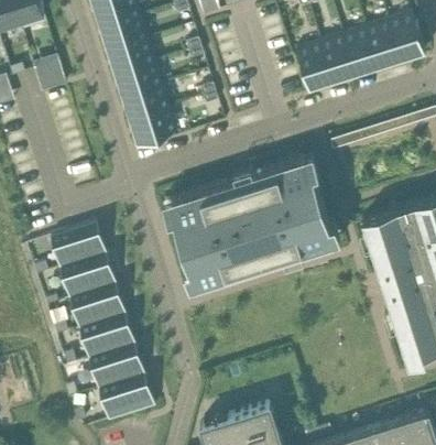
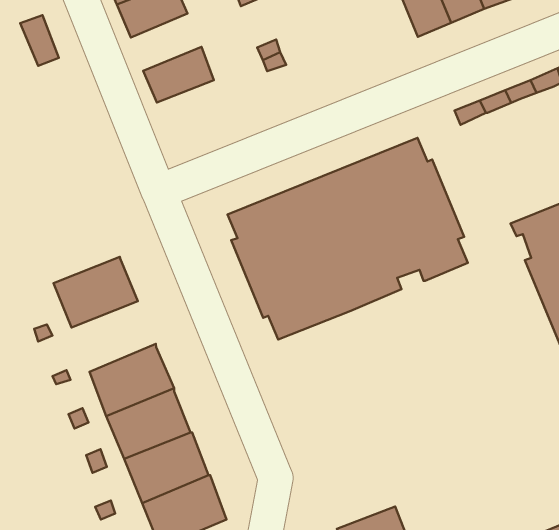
building: [115,64,162,100] -> none
building: [129,110,176,146] -> none
building: [59,256,116,301] -> none

